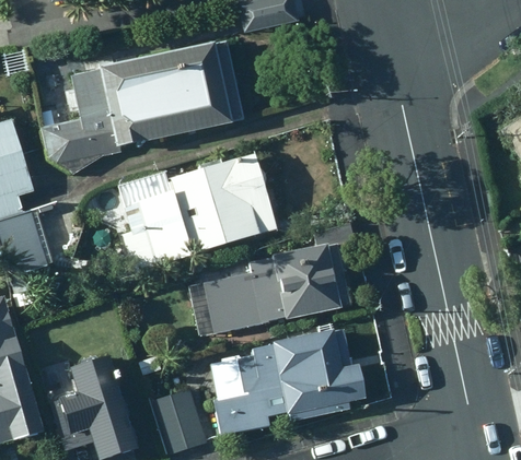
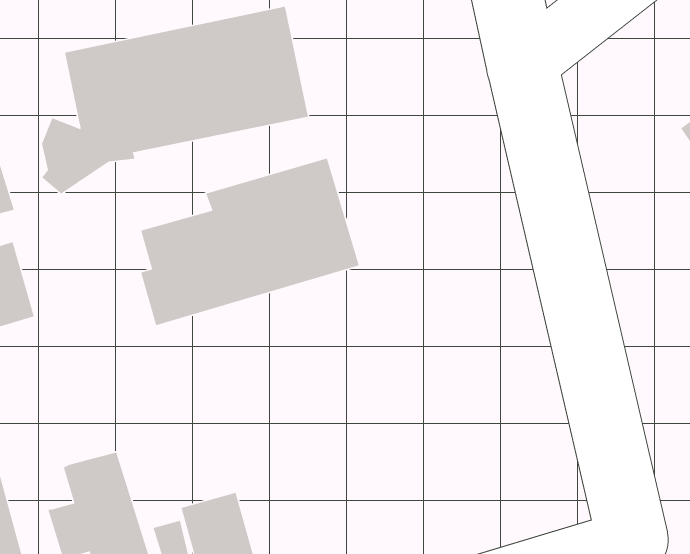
building: [189,238,351,333] -> none
building: [212,326,368,424] -> none

